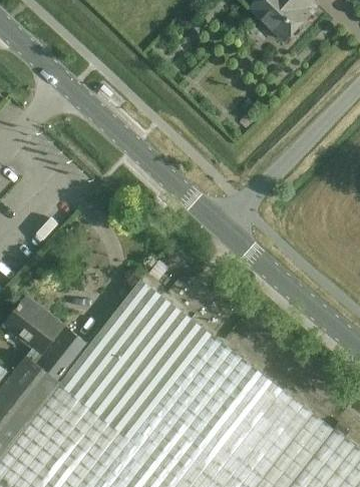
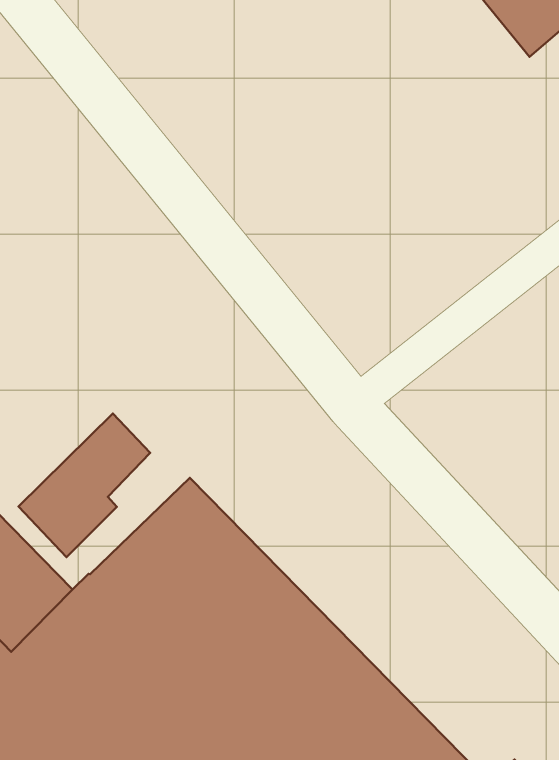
building: none -> [18,413,150,557]

